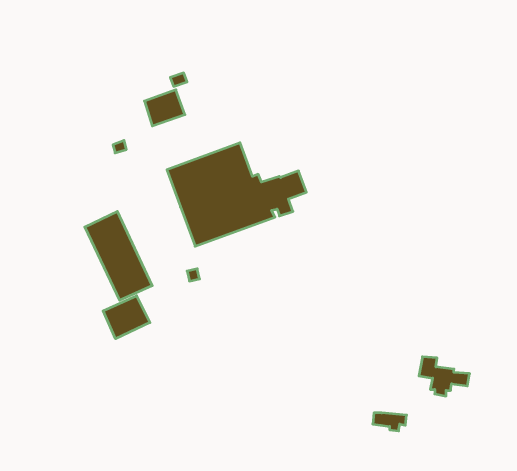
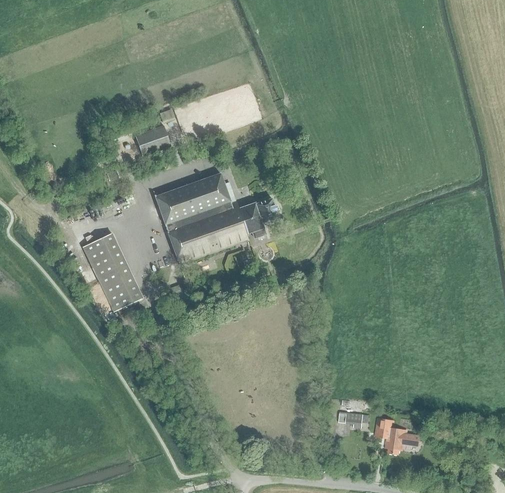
building: [103,296,150,339] -> none
building: [419,357,470,396] -> [374,420,419,455]

